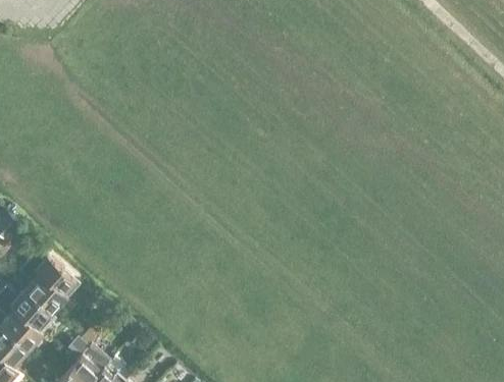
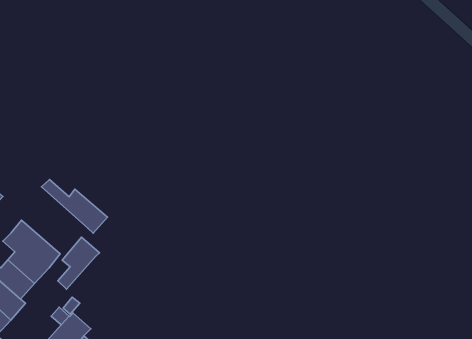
building: none -> [42,179,108,233]
building: none -> [58,237,99,289]

